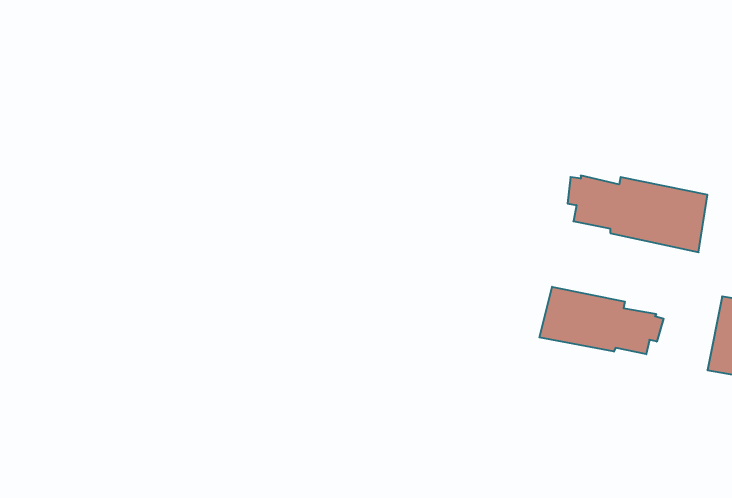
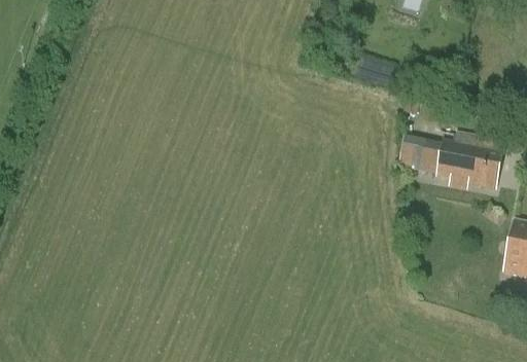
building: [539,287,664,354] -> none

